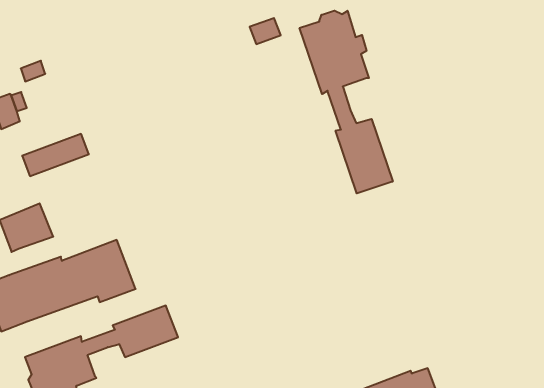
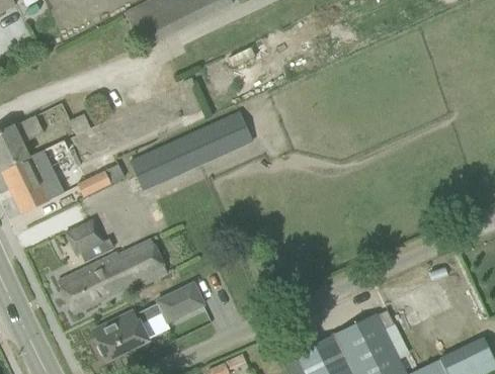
building: [300,11,393,193] -> none
building: none -> [131,111,253,189]

